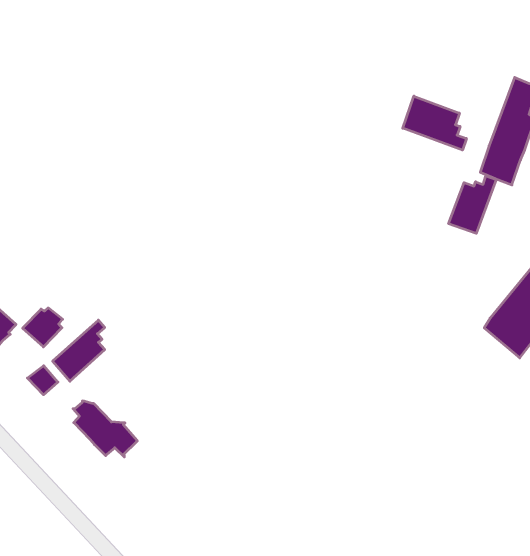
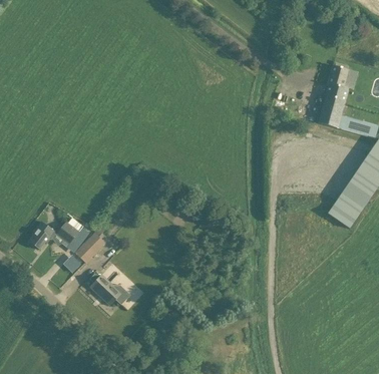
building: [403,96,466,150] -> none
building: [449,176,496,233] -> none

